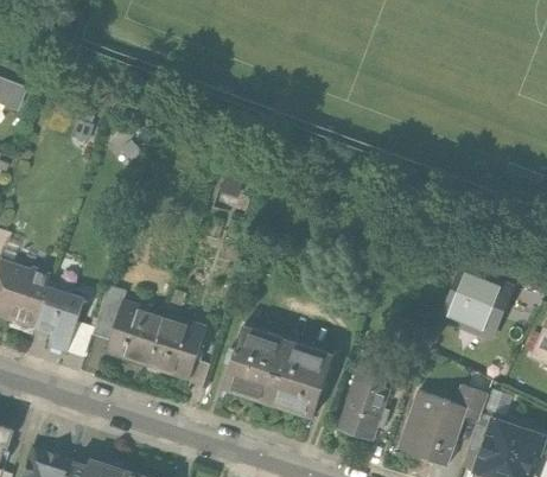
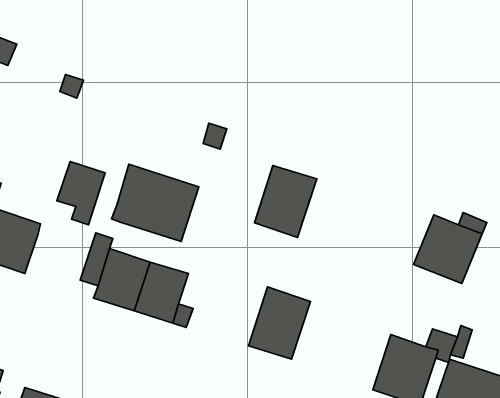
building: none -> [111,164,199,242]
building: [33,286,84,352] -> [57,161,105,225]
building: [223,327,288,403] -> [255,165,317,238]
building: [338,360,390,439] -> none

